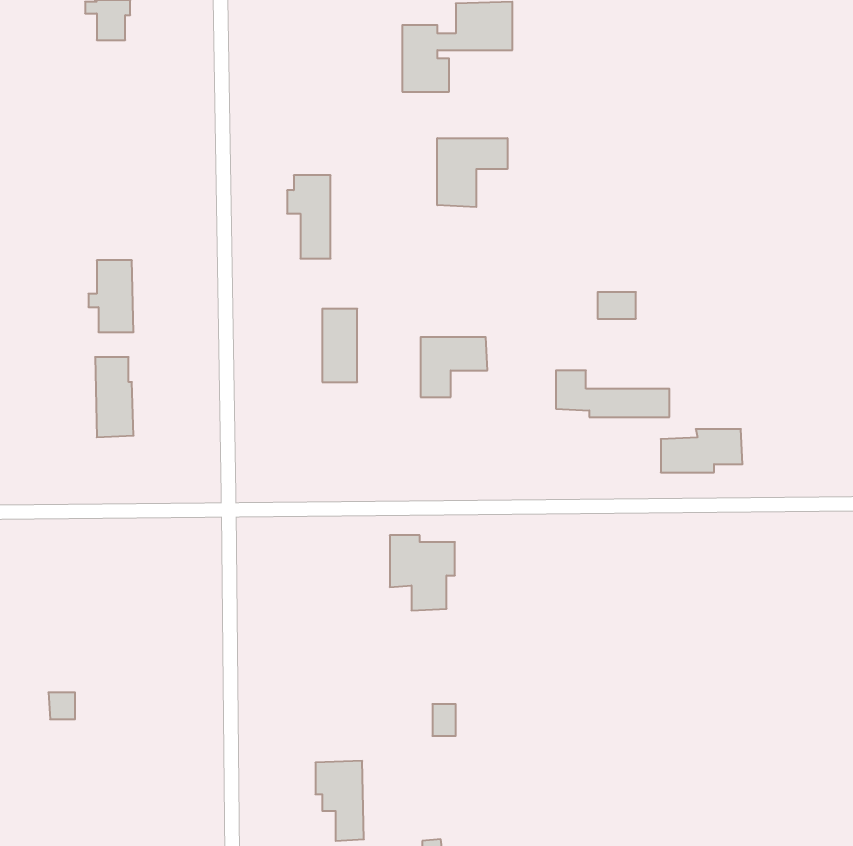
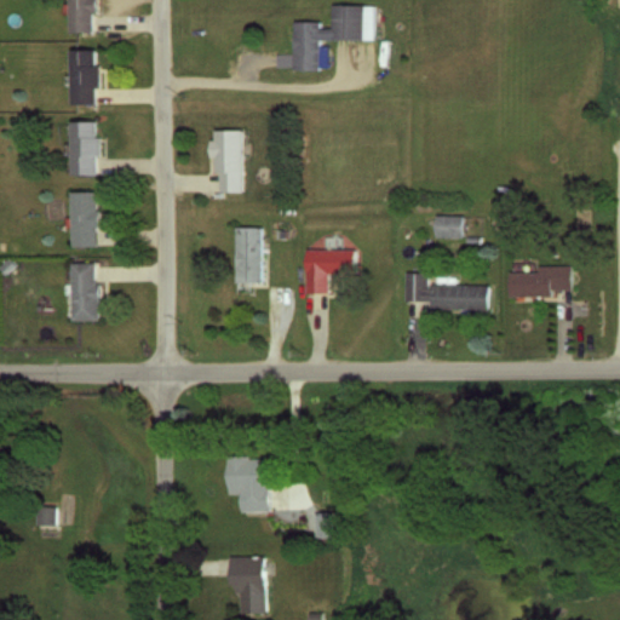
building: none -> [70,52,98,105]
building: [437,138,507,207] -> none
building: none -> [64,122,98,176]
building: [661,429,743,472] -> [510,266,569,298]
building: [390,535,455,610] -> [226,457,274,511]

